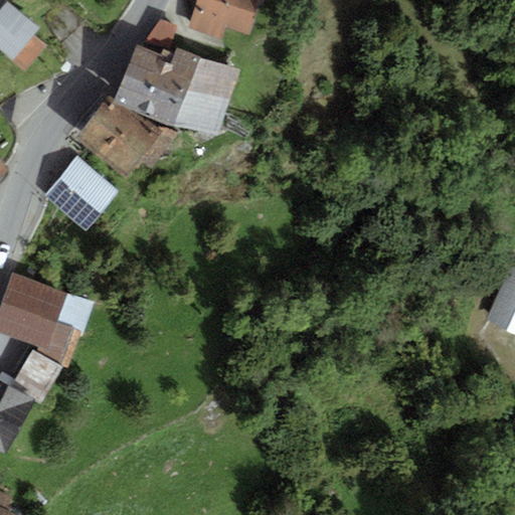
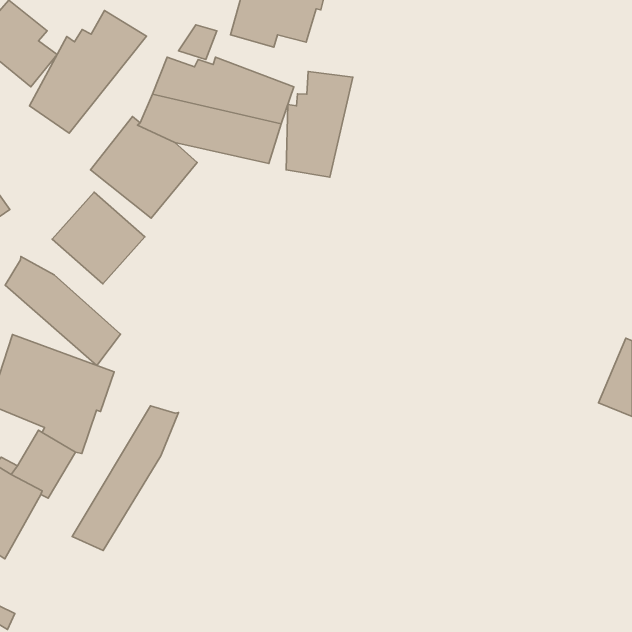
building: none -> [29,10,146,133]
building: none -> [286,72,353,177]
building: none -> [5,257,121,365]
building: none -> [72,406,178,551]

